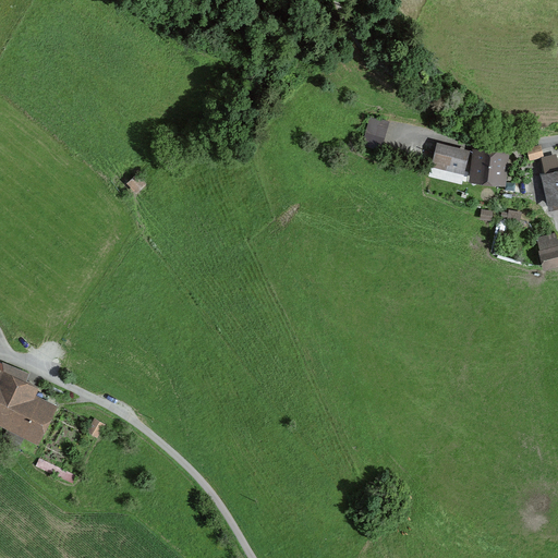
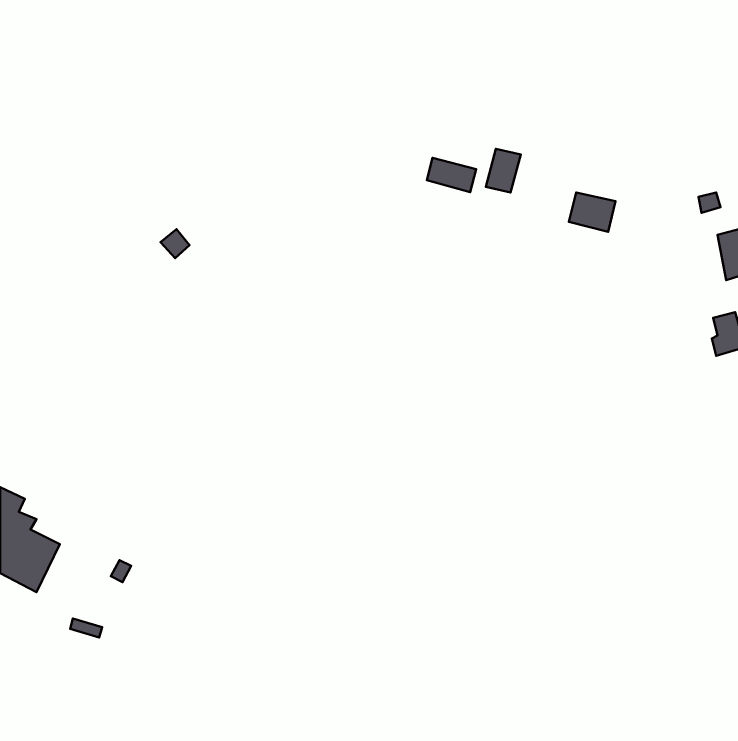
building: none -> [427,158,476,192]
building: [470,151,506,185] -> none

